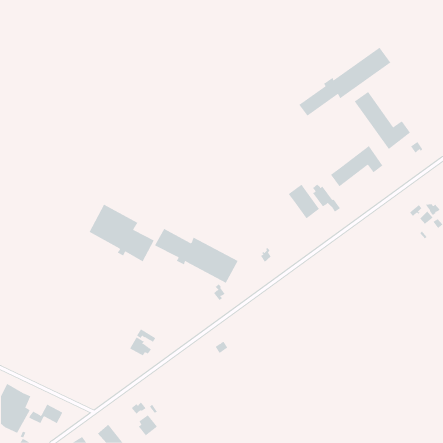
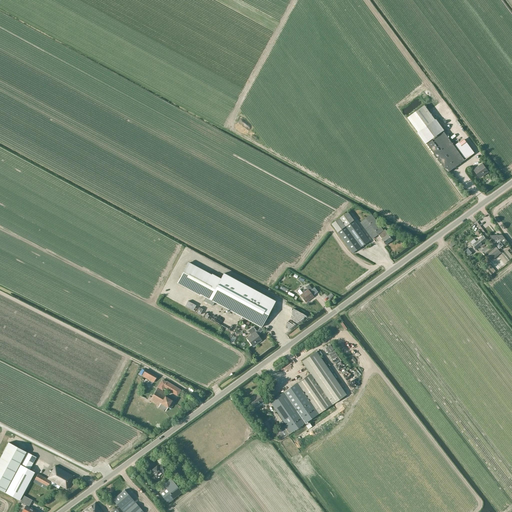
building: [298,47,391,117] -> none
building: [330,145,383,187] -> none
building: [89,204,155,262] -> none
building: none -> [270,352,345,441]

